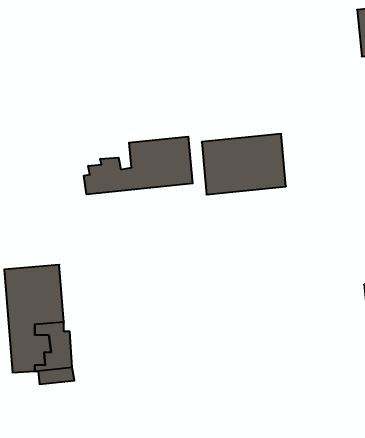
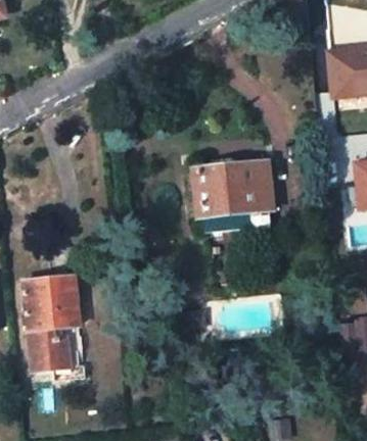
building: [84,137,193,194] -> none

